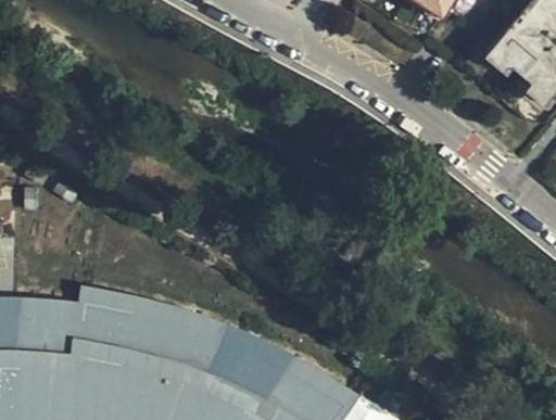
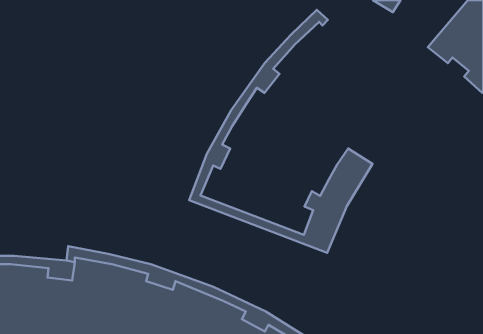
building: none -> [189,10,372,253]

